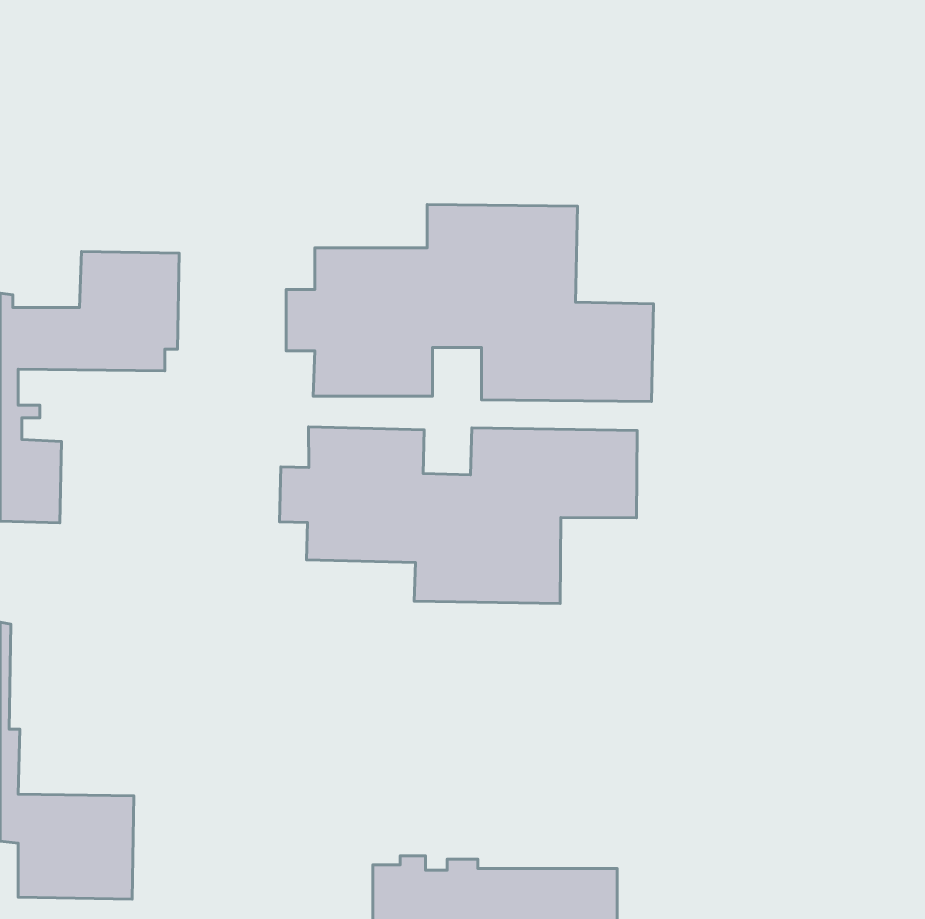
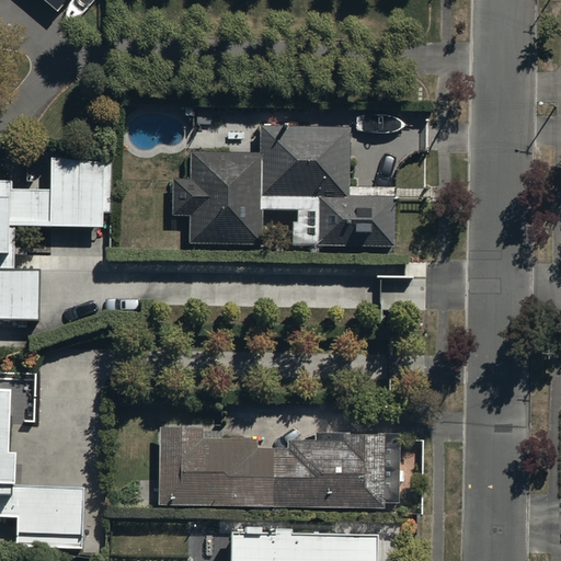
building: [279,427,637,603] -> none
building: none -> [158,426,398,507]

